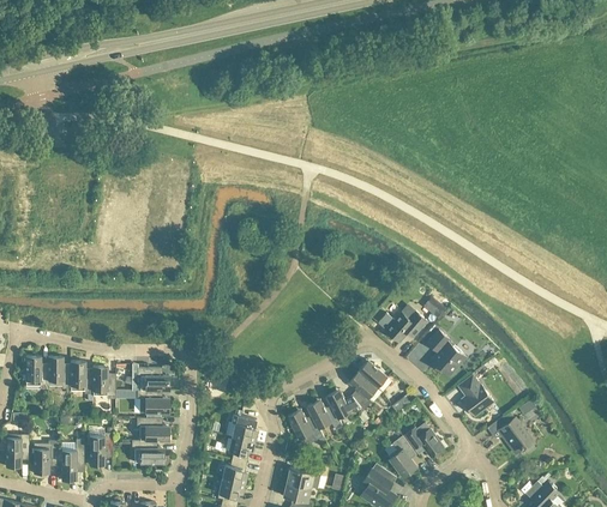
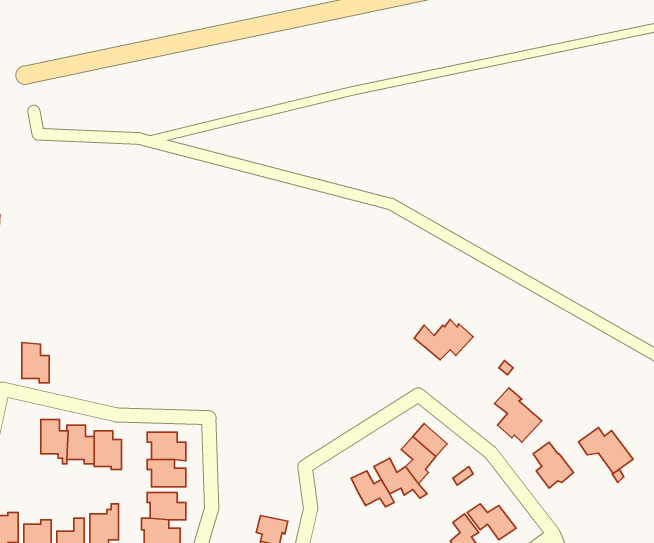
building: [377,307,426,340] -> [414,320,473,360]
building: [24,355,47,388] -> [22,343,49,383]
building: [287,409,323,443] -> none
building: [230,414,257,441] -> none
building: [486,415,531,453] -> [579,427,633,473]

